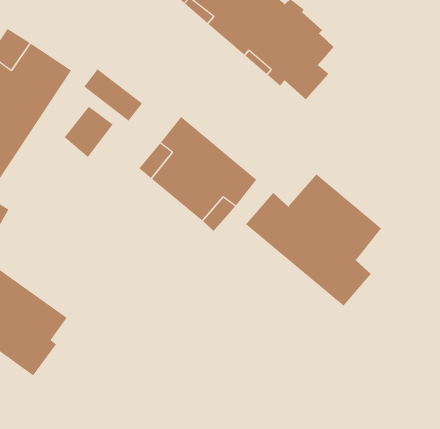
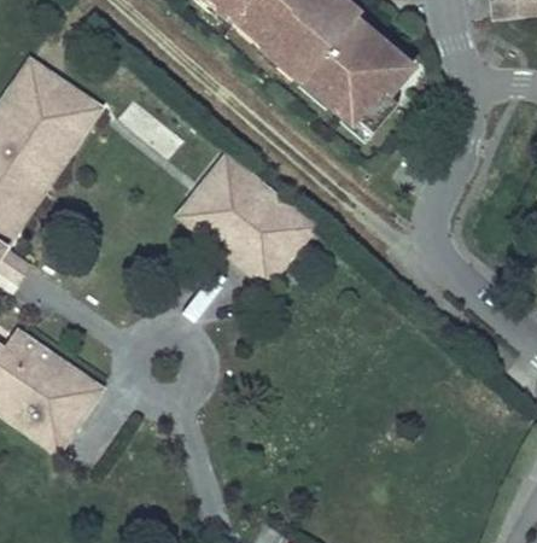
building: [64,106,113,158] -> none
building: [245,174,382,306] -> none

